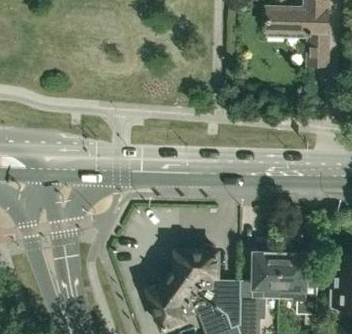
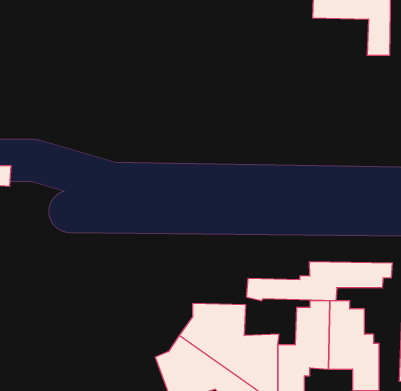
building: none -> [247,262,392,301]

